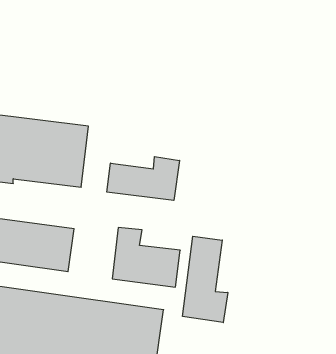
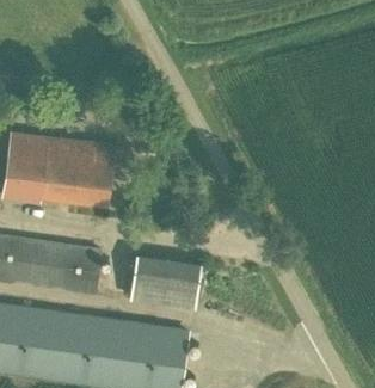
building: [107,157,180,200] -> none
building: [183,236,228,323] -> none

